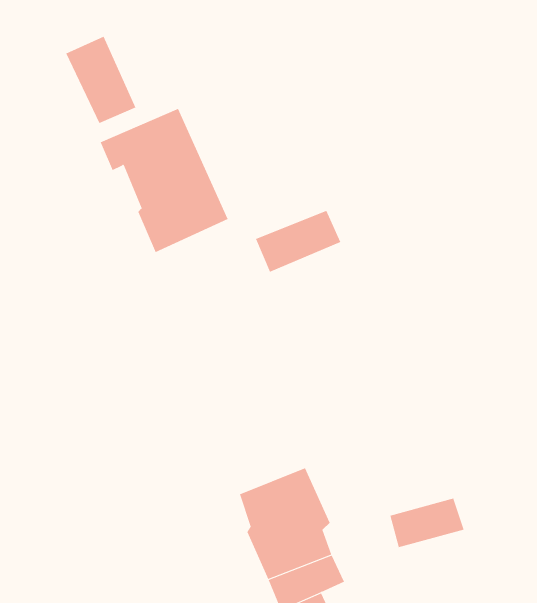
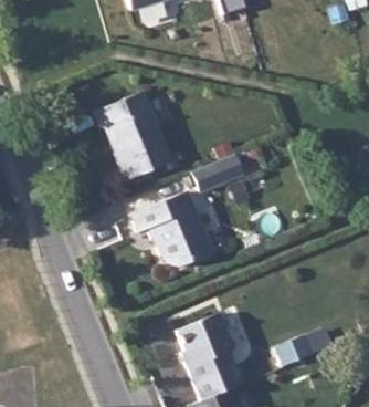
building: [65,36,136,124] -> none
building: none -> [134,191,215,270]

